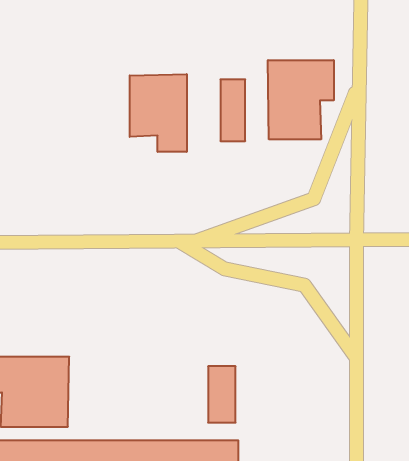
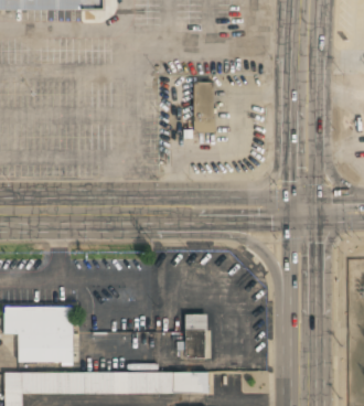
building: [268,60,334,139] -> none
building: [130,74,187,152] -> none

